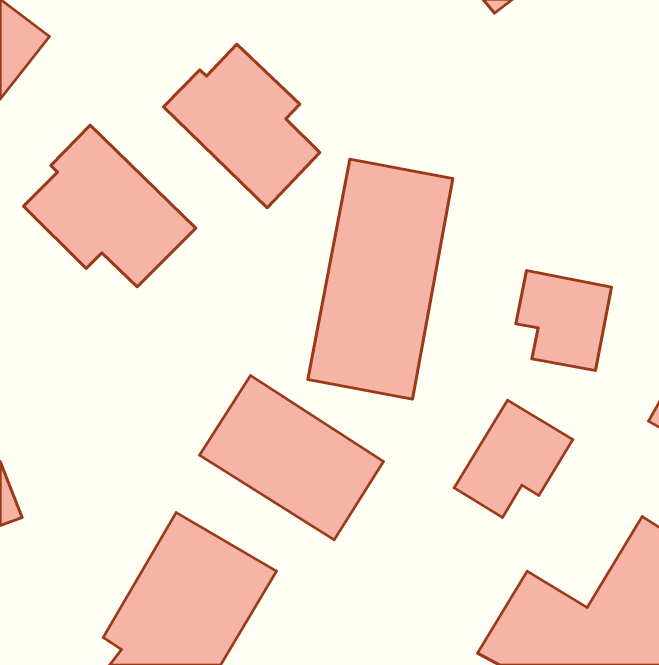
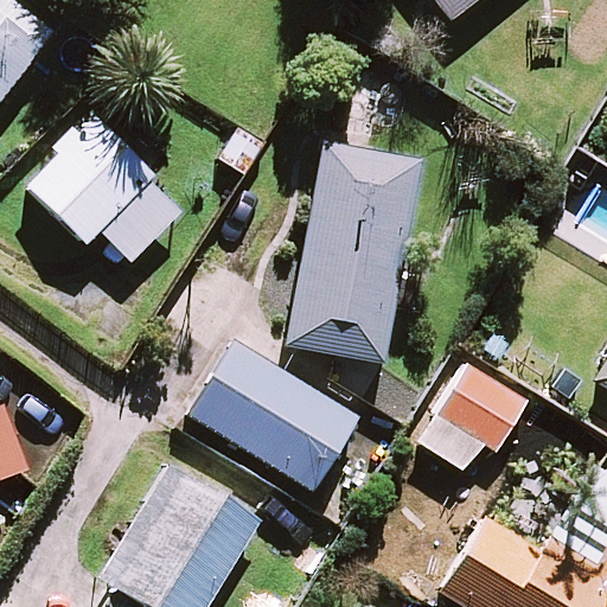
building: [164,44,320,208] -> none
building: [516,271,611,370] -> none

